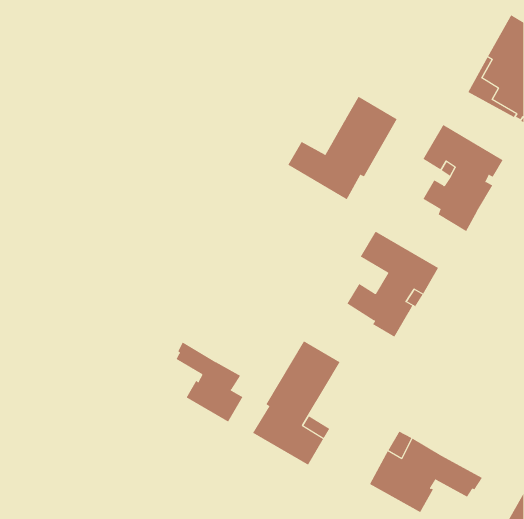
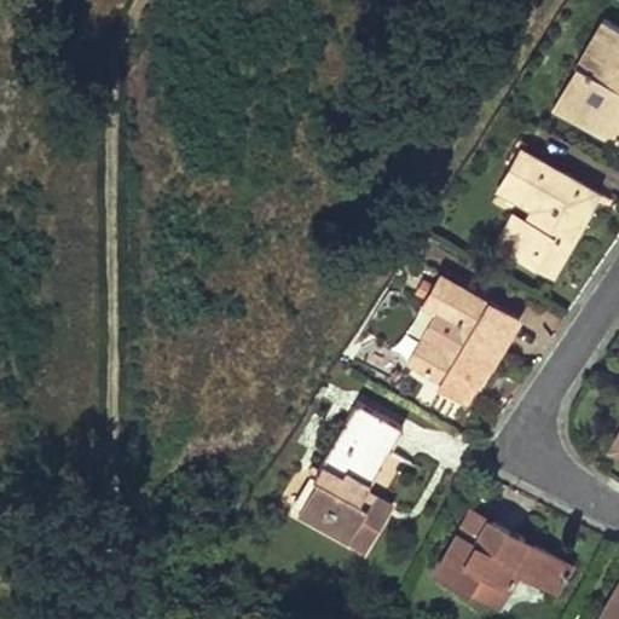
building: [287,96,397,200] -> none
building: [176,342,243,422] -> none

